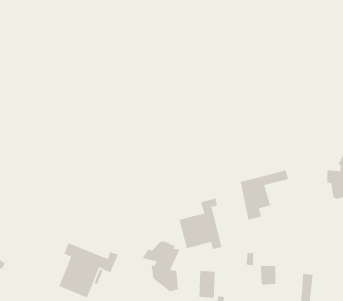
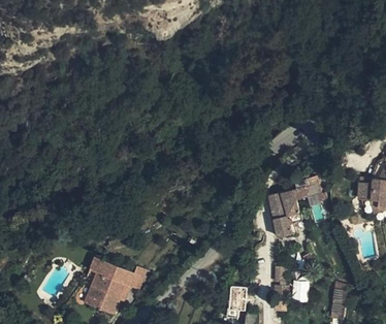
building: [178,197,222,250] -> none
building: [142,240,180,292] -> none

